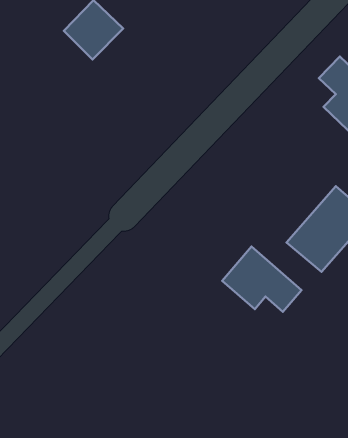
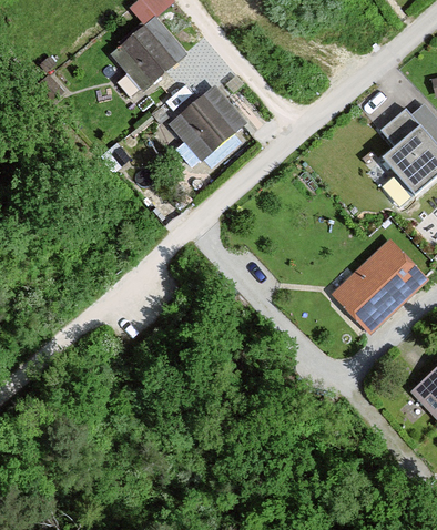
building: none -> [172,95,233,156]
building: [222,246,301,312] -> none

